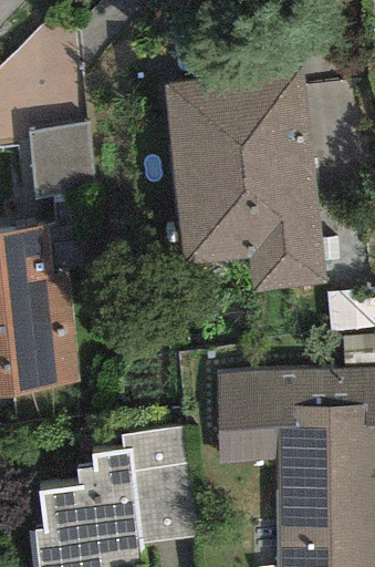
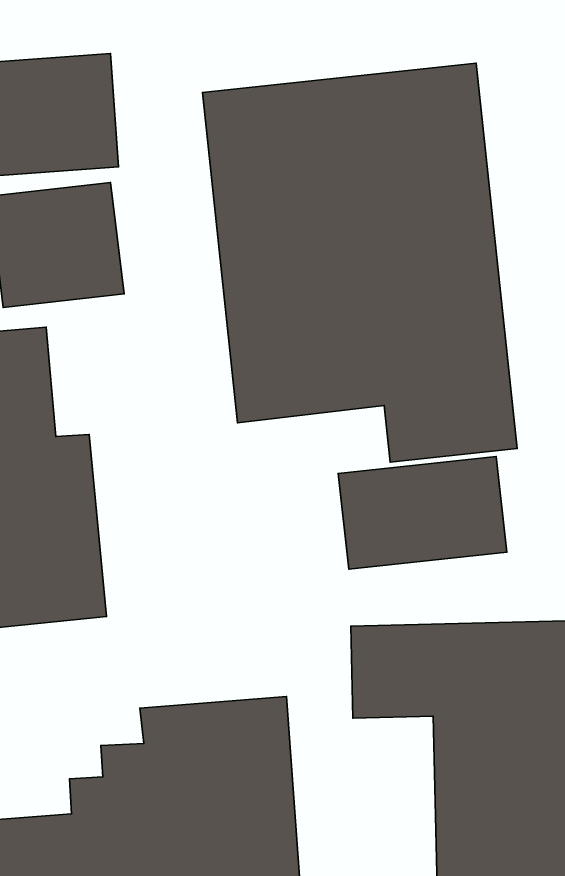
building: none -> [338,456,507,569]

